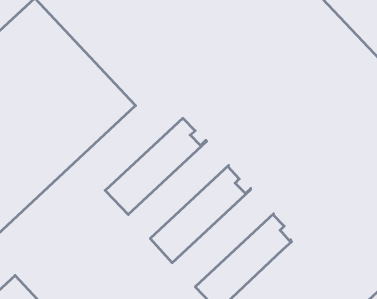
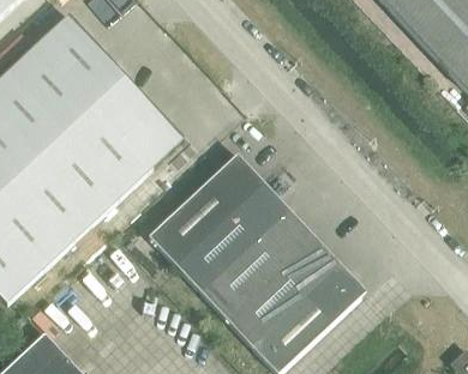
building: none -> [175,180,290,291]
building: none -> [226,235,342,346]

